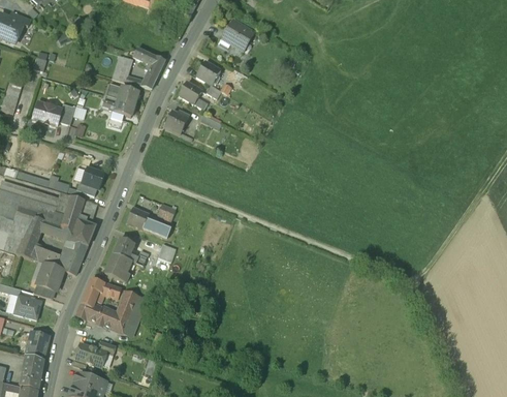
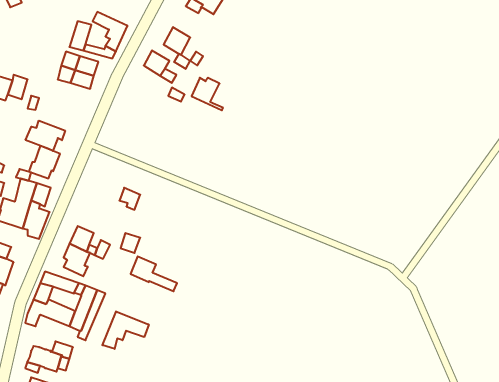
building: [164,110,192,139] -> [192,78,223,110]
building: none -> [26,121,65,151]
building: [126,206,167,237] -> [131,256,177,291]
building: [57,246,85,273] -> none
building: none -> [102,311,149,349]

